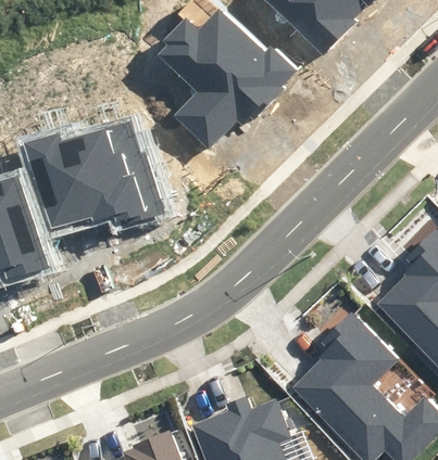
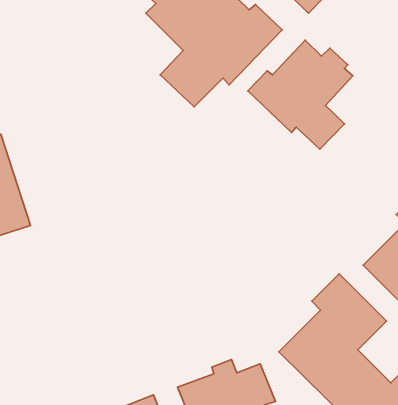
building: none -> [248,40,353,149]
building: [25,122,162,229] -> none

